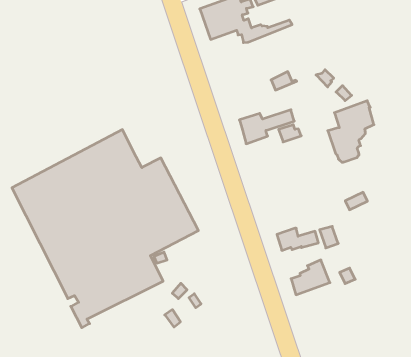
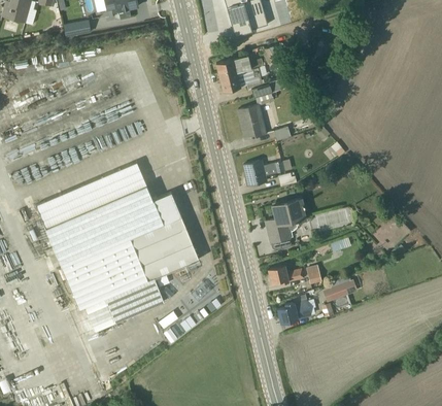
building: none -> [237,93,274,139]
building: [328,101,374,162] -> [265,198,306,250]
building: none -> [322,277,358,303]

